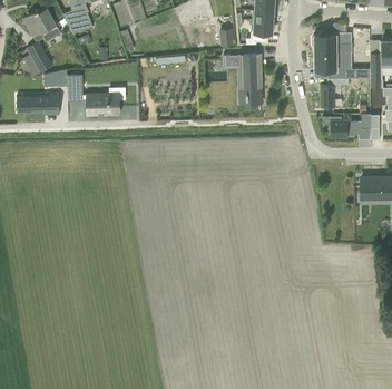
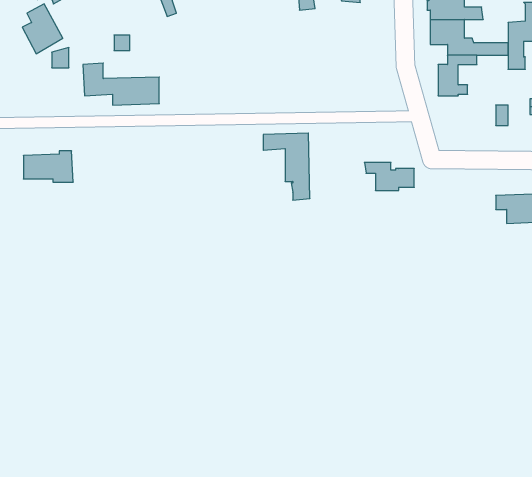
building: [226,55,259,103] -> [263,133,310,200]
building: [22,93,58,115] -> [23,151,73,182]
building: [323,116,359,136] -> [364,162,414,190]

